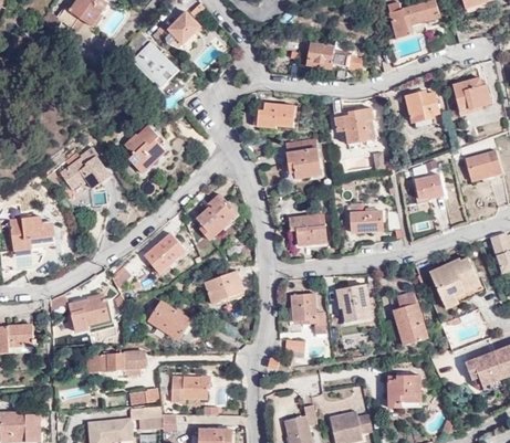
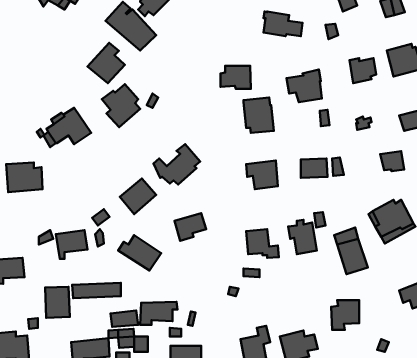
building: none -> [87,43,125,83]
building: [415,176,443,199] -> [380,151,404,171]
building: none -> [45,287,70,318]

